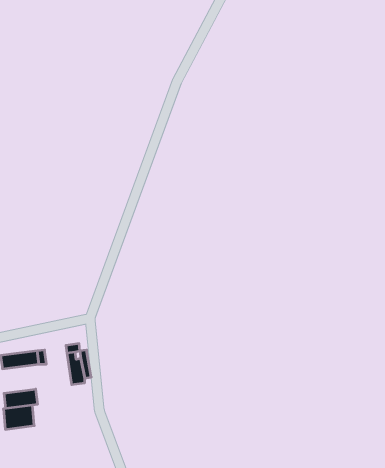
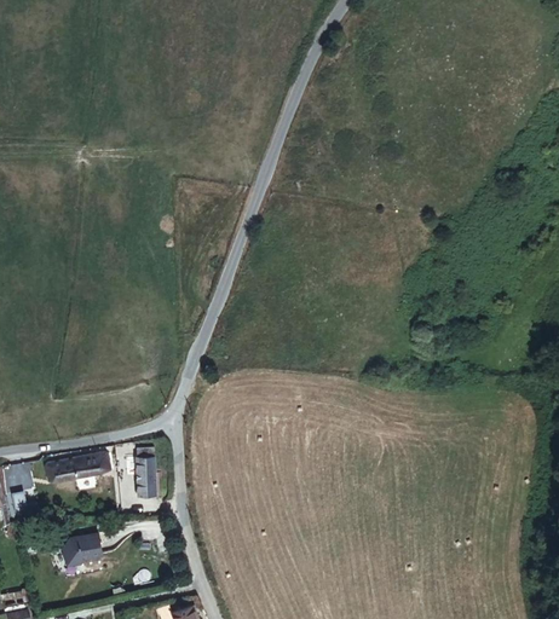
building: [4,389,37,408] -> none

